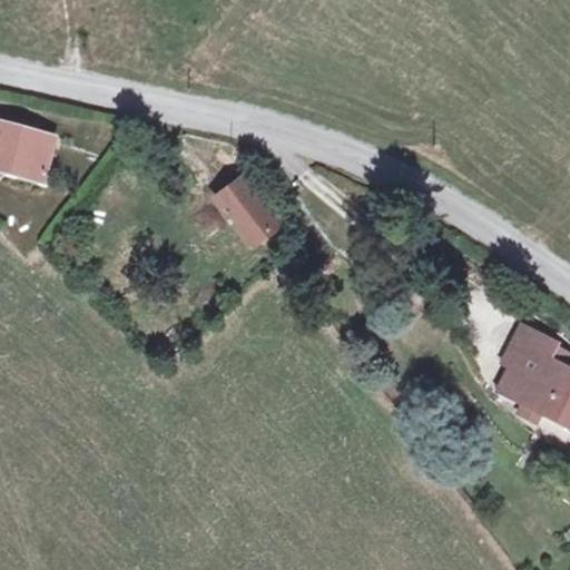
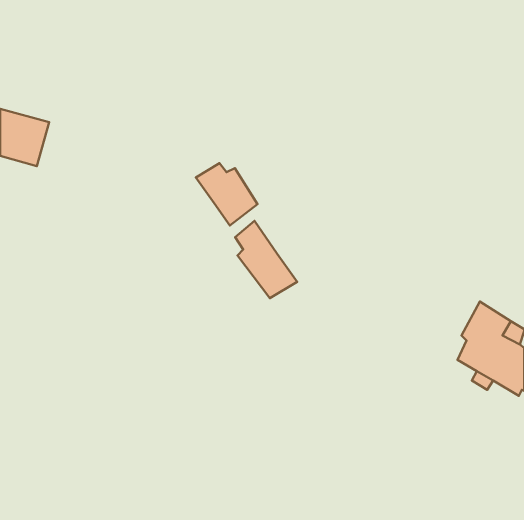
building: none -> [235,221,297,298]

